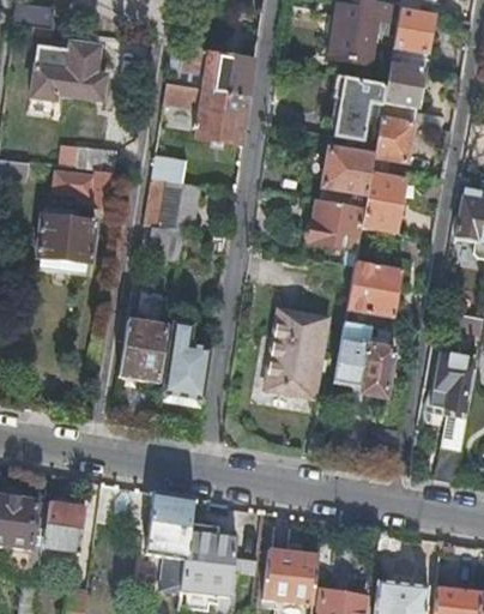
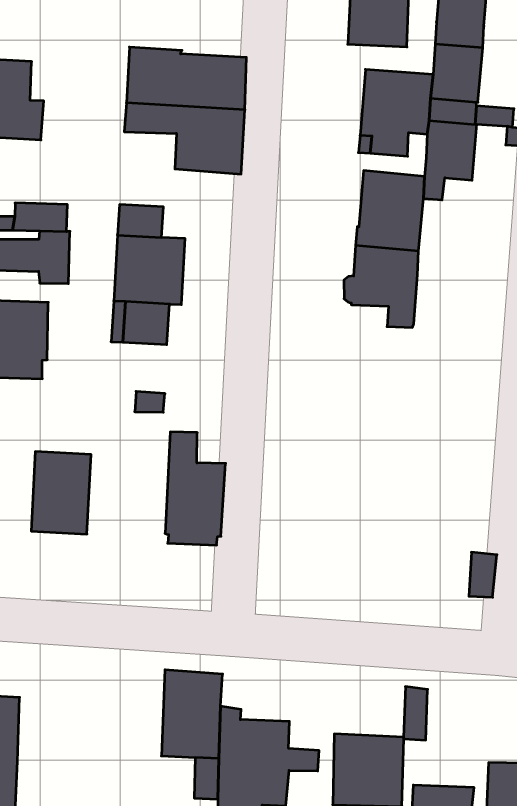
building: [361,171,404,231] -> none
building: [346,260,401,315] -> none
building: [266,306,328,395] -> none
building: [119,319,167,381] -> [31,452,91,534]
building: [333,319,391,396] -> none
building: [42,499,84,549] -> none

